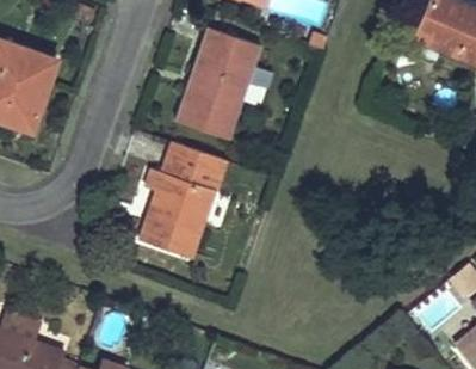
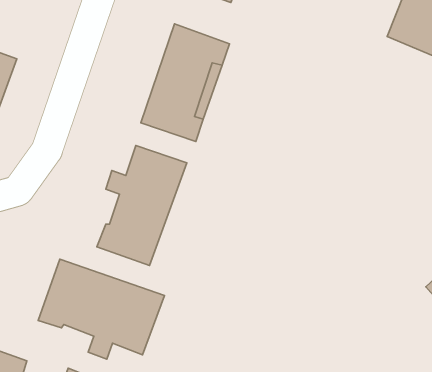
building: none -> [38,259,164,359]

